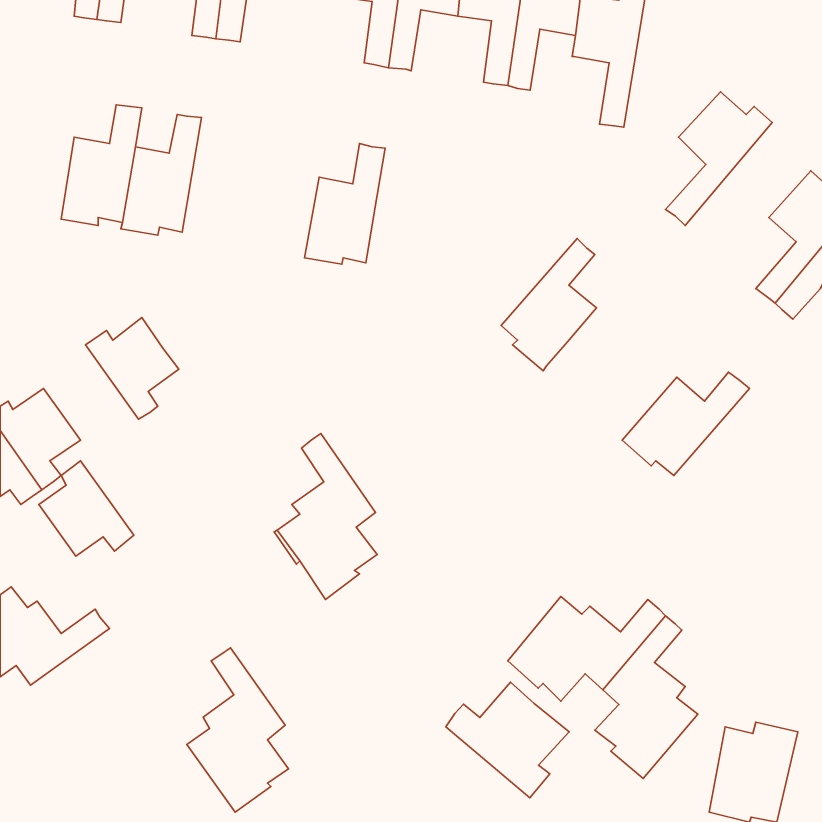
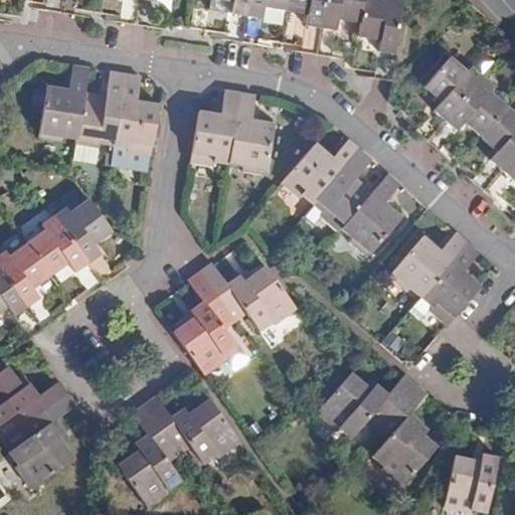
building: none -> [112,73,160,170]
building: none -> [428,76,507,151]
building: none -> [229,93,275,174]
building: none -> [282,139,361,203]
building: none -> [342,174,400,256]
building: none -> [421,242,482,325]
building: none -> [201,263,297,330]
building: [39,461,134,556] -> [28,215,88,275]
building: none -> [10,392,77,488]
building: none -> [145,395,240,464]
building: [446,682,569,798] -> none

